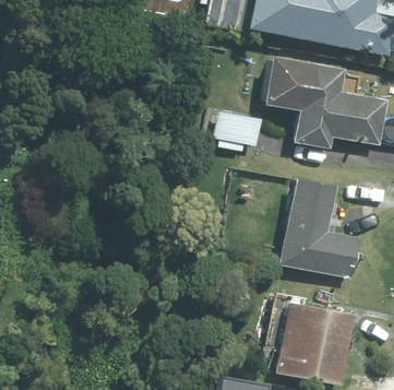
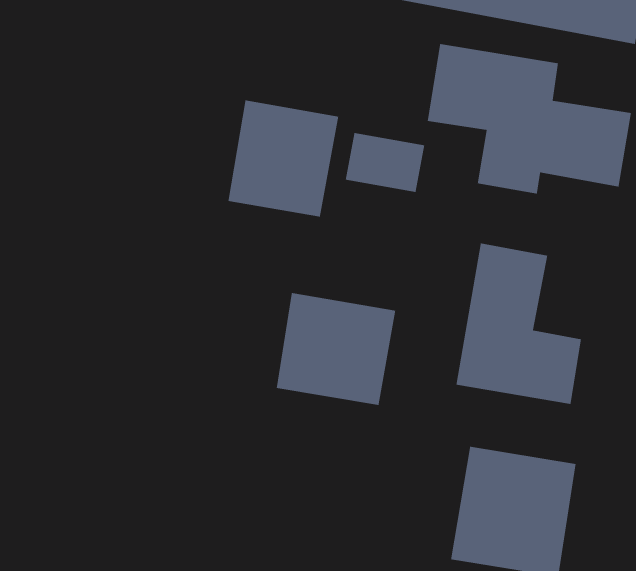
building: none -> [228,100,339,218]
building: none -> [276,292,396,406]

